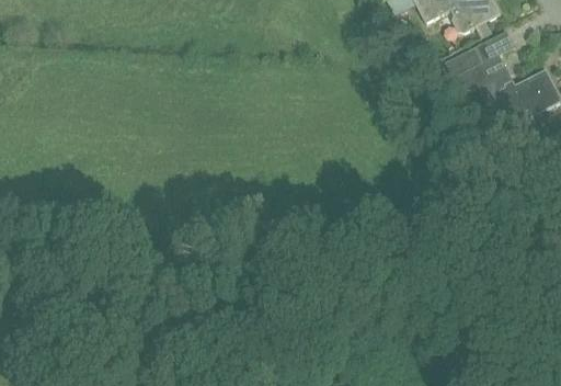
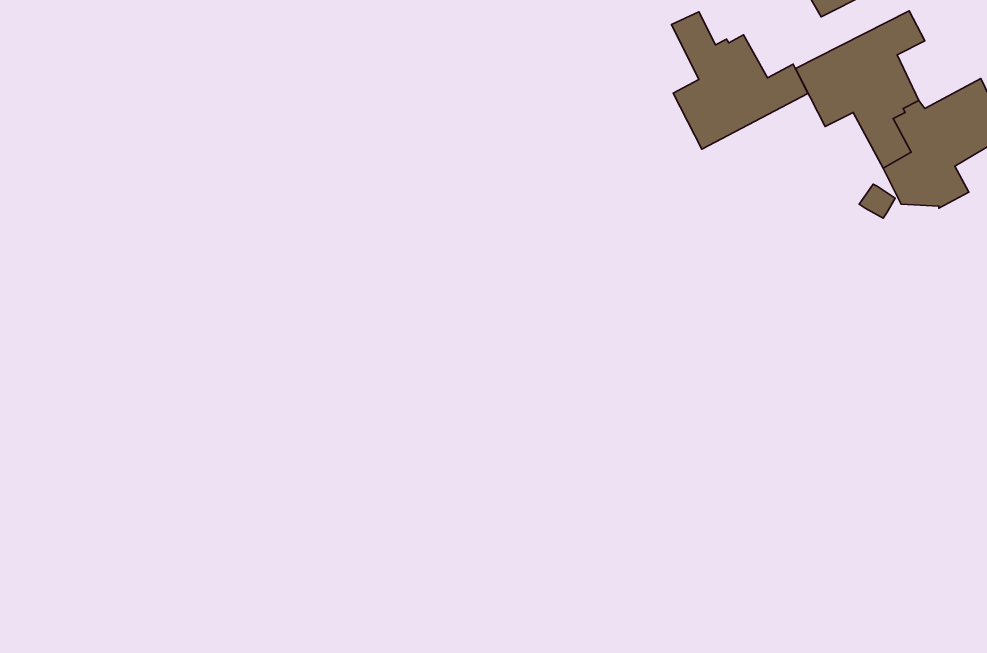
building: none -> [671,12,808,149]

